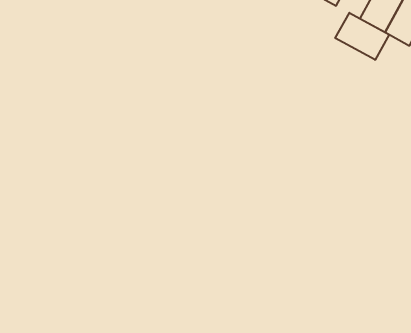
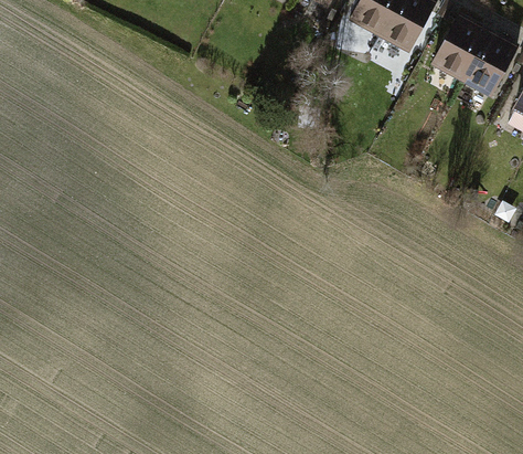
building: [335,13,389,60] -> none

